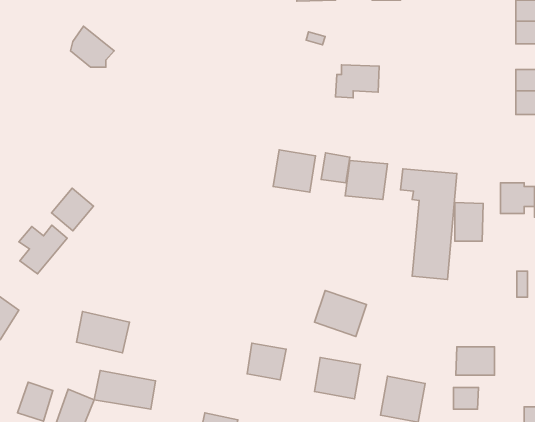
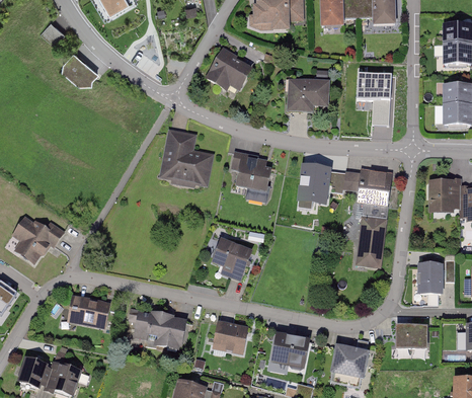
building: none -> [207,52,251,90]
building: none -> [357,75,392,127]
building: none -> [160,135,212,184]
building: [321,153,350,183] -> none
building: [52,188,93,231] -> none
building: [455,202,483,241] -> [415,261,440,295]
building: [315,290,366,336] -> [211,238,255,277]
building: [94,370,155,409] -> [131,310,183,343]
building: [454,388,478,409] -> none

